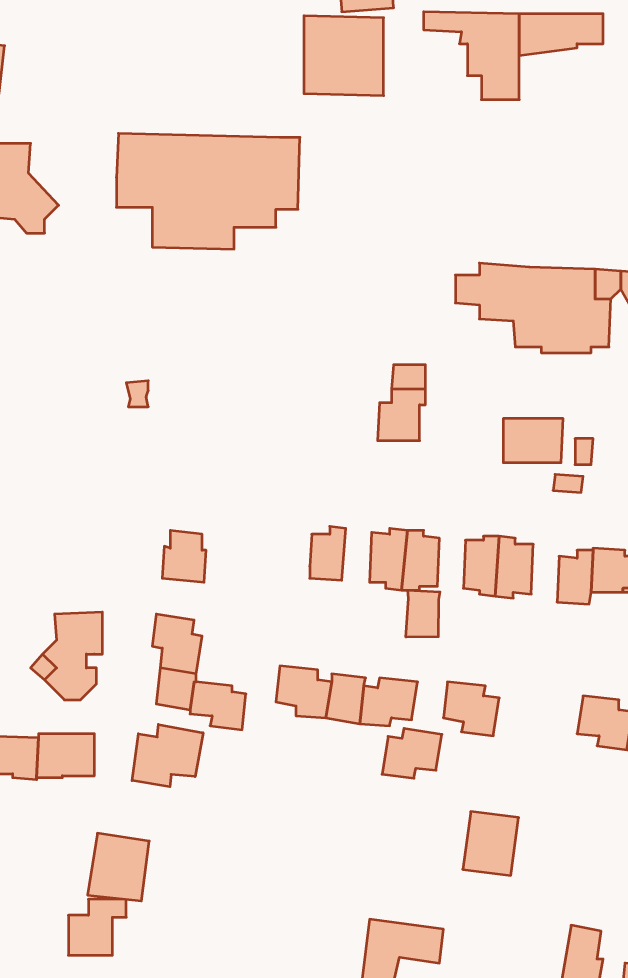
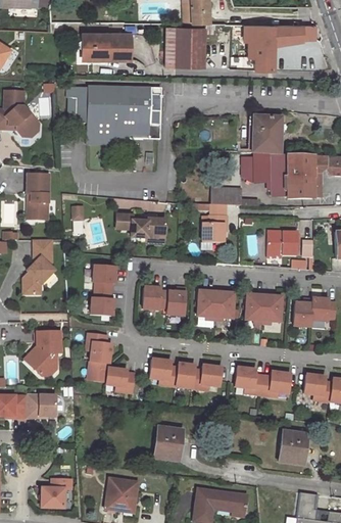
building: none -> [82,33,131,60]
building: none -> [251,115,281,154]
building: none -> [27,174,49,219]
building: none -> [211,188,240,205]
building: none -> [116,219,165,246]
building: none -> [27,239,54,293]
building: none -> [93,266,116,291]
building: none -> [142,286,167,310]
building: [406,590,440,637] -> none
building: [132,724,203,787] -> none
building: [382,728,442,778] -> [260,371,291,396]
building: none -> [154,426,183,460]
building: [463,812,519,875] -> [279,431,307,464]
building: [88,833,149,901] -> [105,476,137,511]

